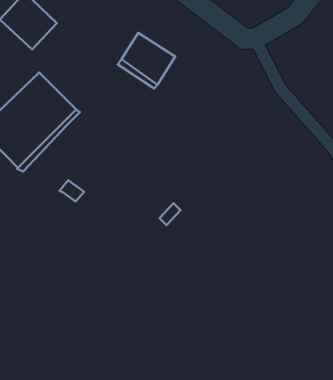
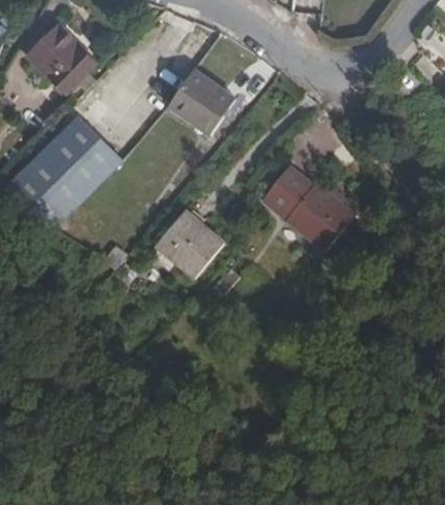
building: none -> [262,168,357,251]
building: none -> [161,210,225,275]

